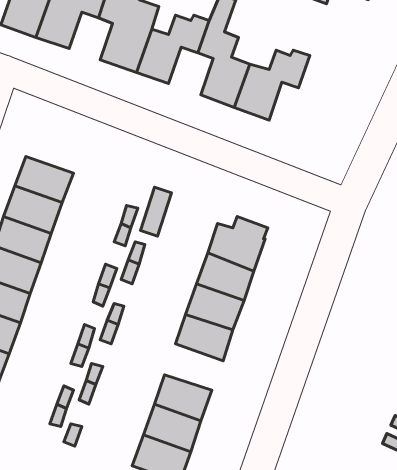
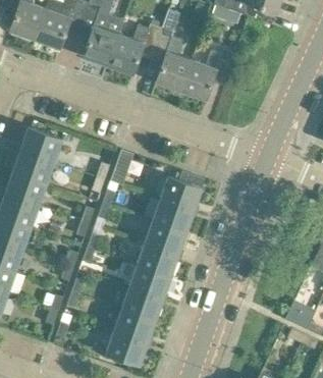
building: none -> [128,265,171,299]

